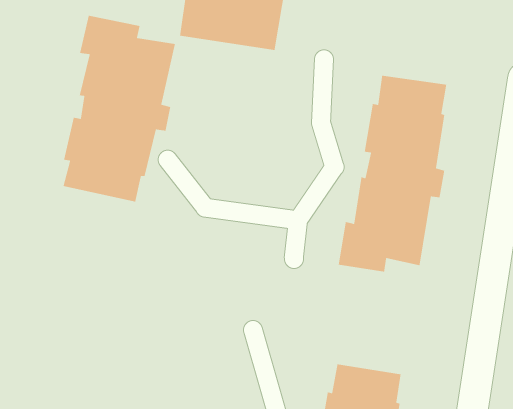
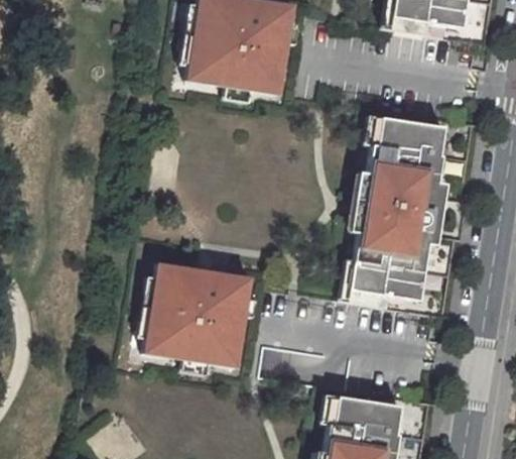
building: [63,15,176,203] -> none
building: none -> [145,262,252,367]

